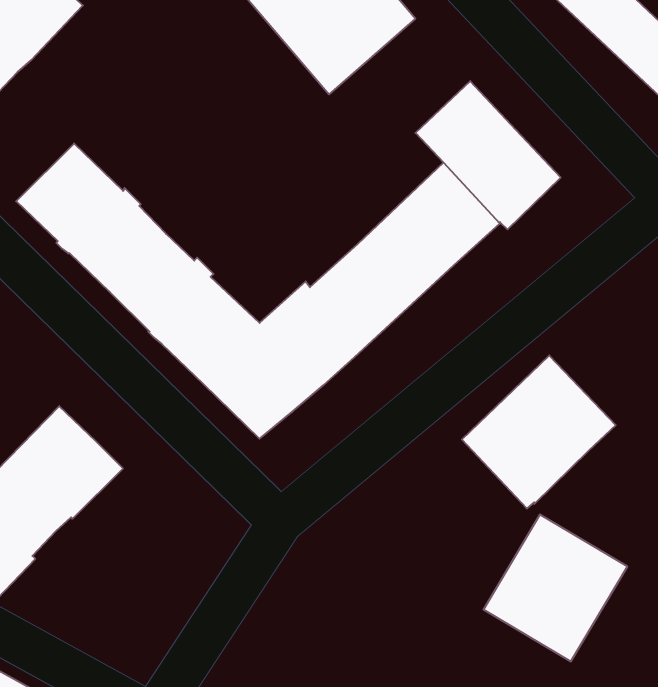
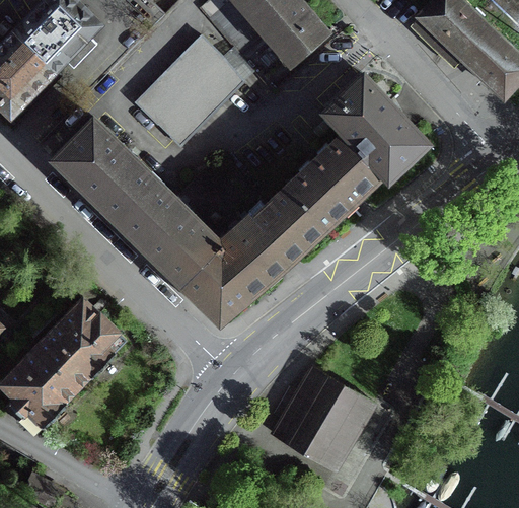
building: none -> [136,37,244,147]
building: [462,355,616,509] -> none
building: [483,515,627,661] -> [275,369,373,469]

